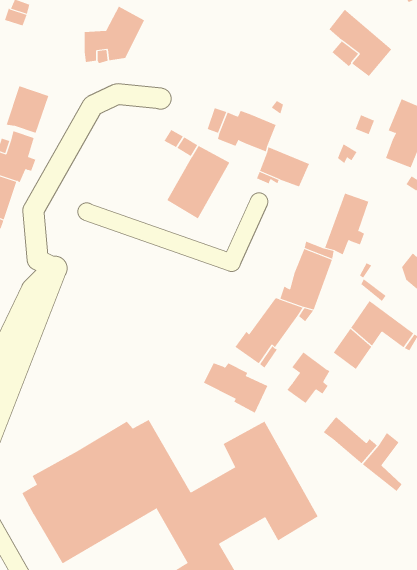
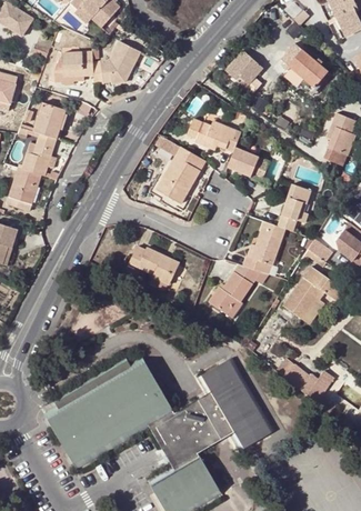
building: none -> [224,51,263,96]
building: none -> [53,52,92,83]
building: [286,351,330,404] -> none
building: [203,363,268,413] -> [128,248,178,287]

